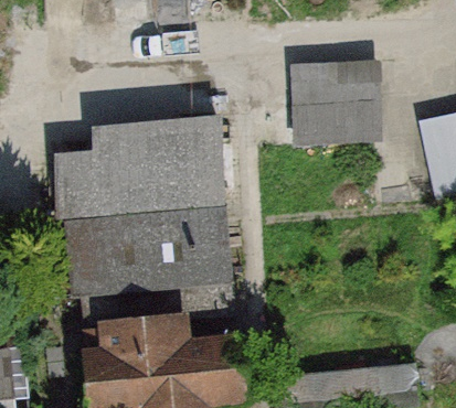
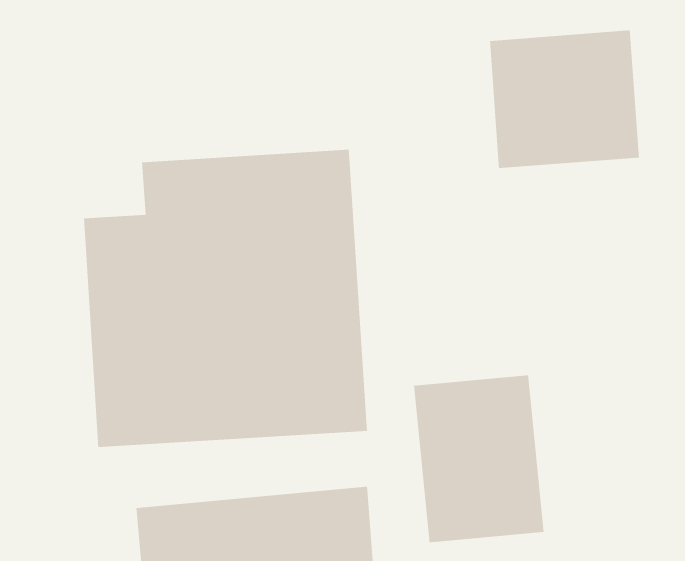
building: none -> [413,374,545,543]

